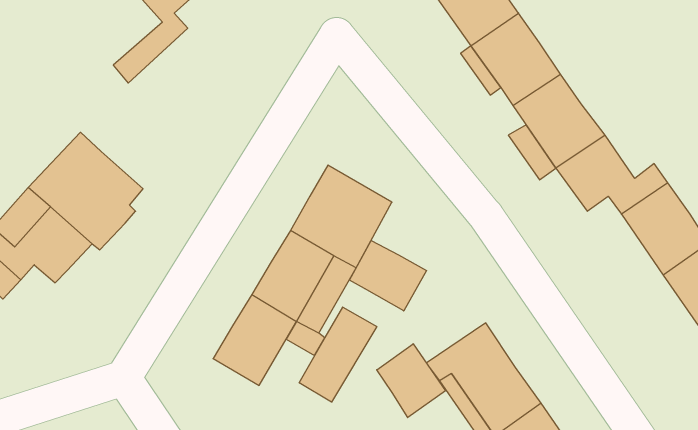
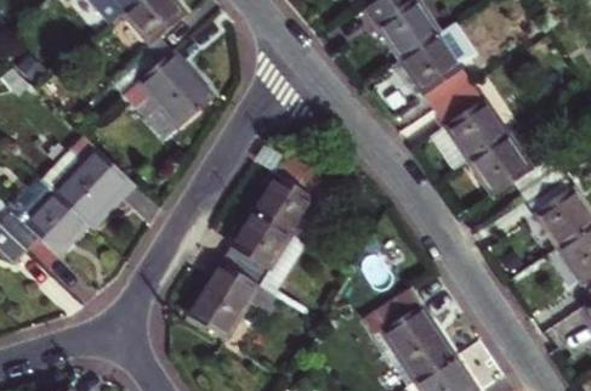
building: none -> [120,47,210,138]
building: [349,240,427,311] -> none
building: [299,307,377,402] -> none
building: [377,344,445,418] -> none

